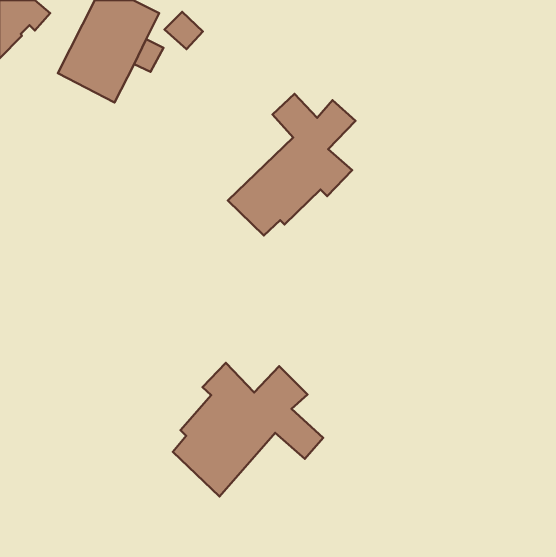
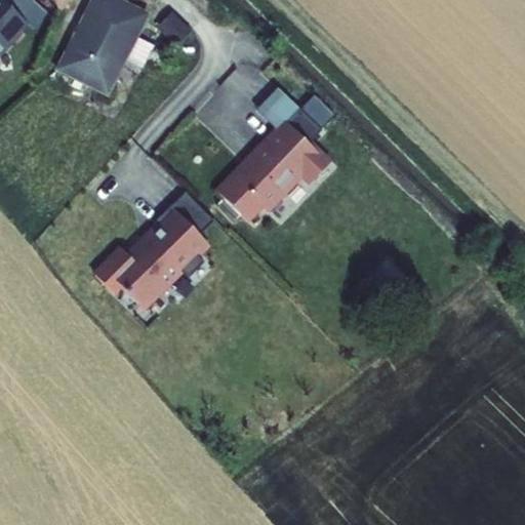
building: none -> [91,190,214,311]
building: [173,363,323,497] -> none

